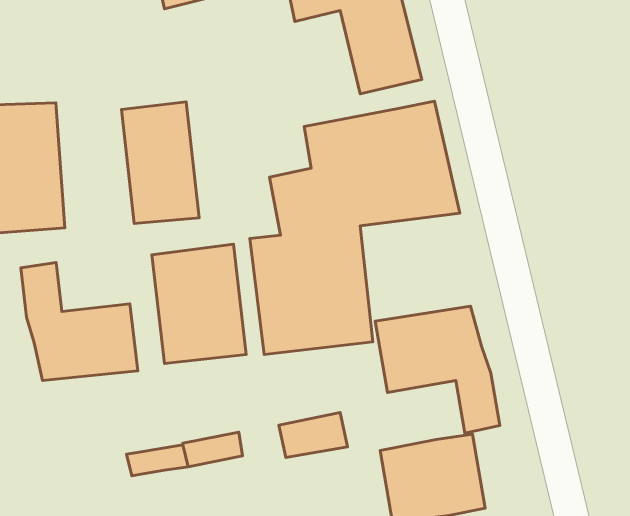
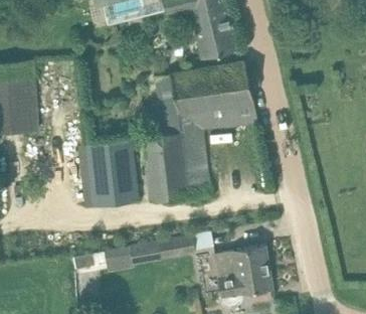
building: [121,102,199,224] -> none
building: [21,262,138,380] -> none
building: [375,306,500,433] -> none

